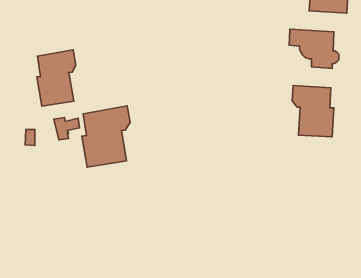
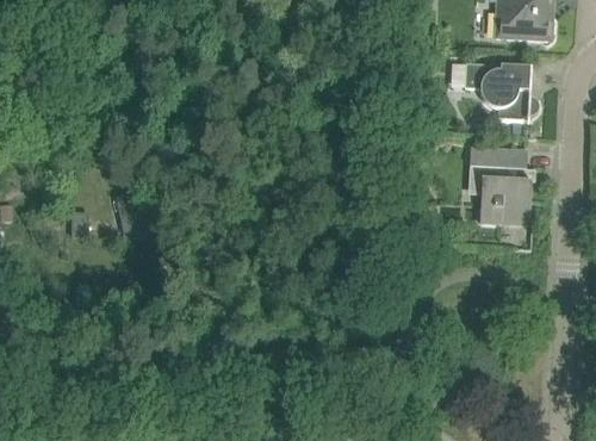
building: [37,50,76,106] -> none
building: [82,106,130,167] -> none

